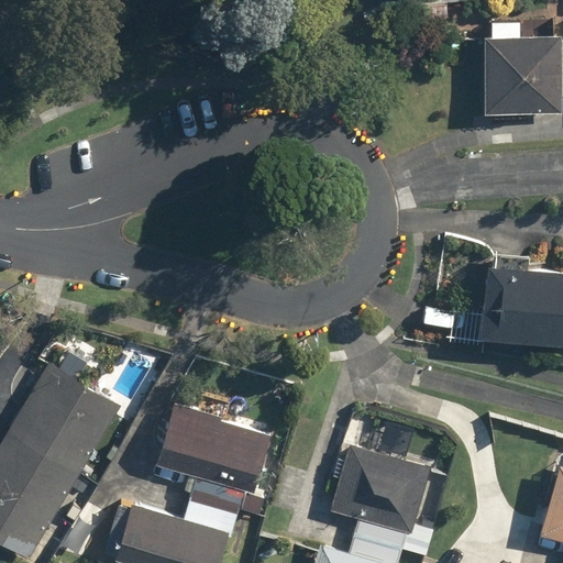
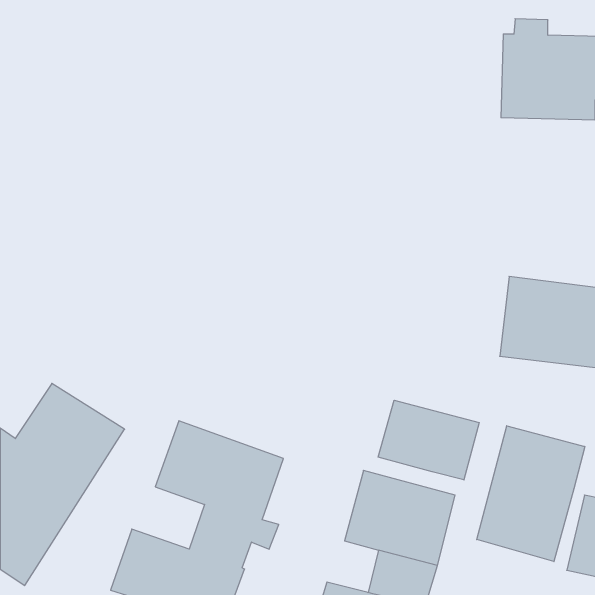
building: none -> [378,400,479,480]
building: none -> [477,426,585,562]

